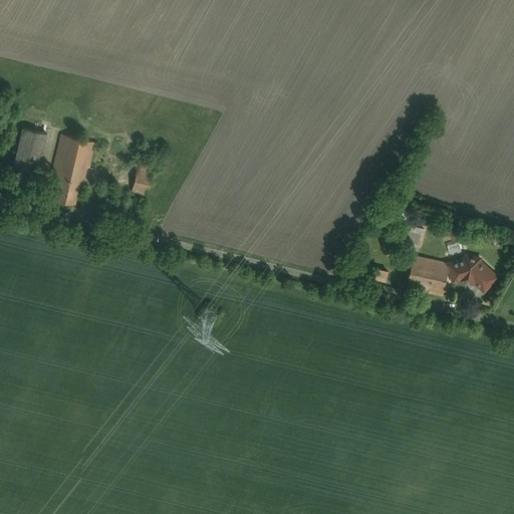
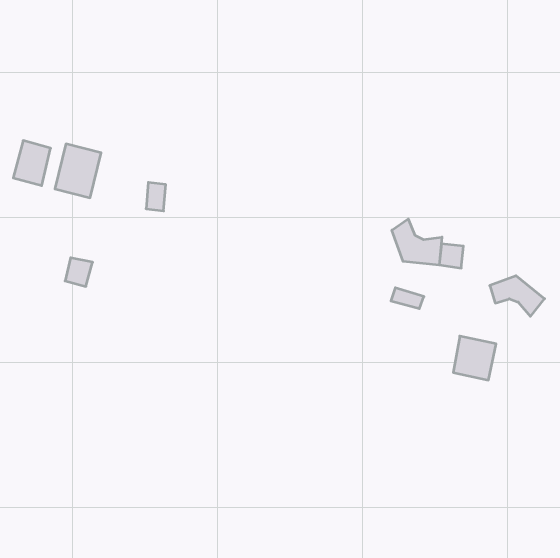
building: [54,180,79,206] -> [65,258,93,286]
building: none -> [392,219,442,265]
building: [409,257,448,297] -> [453,336,496,380]

